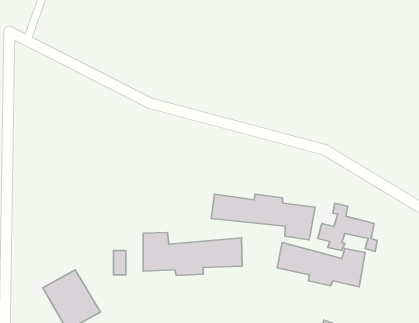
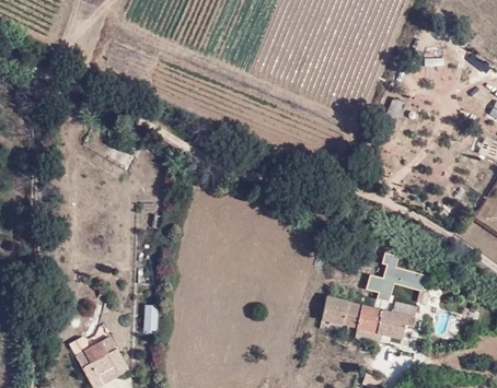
building: [211,194,315,240] -> none
building: [143,233,242,275] -> none

